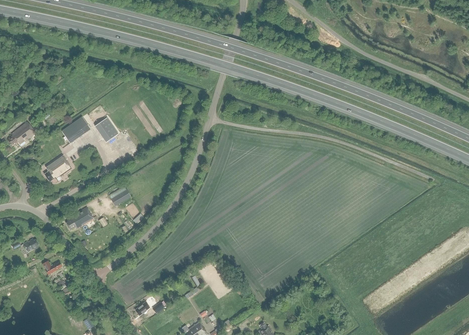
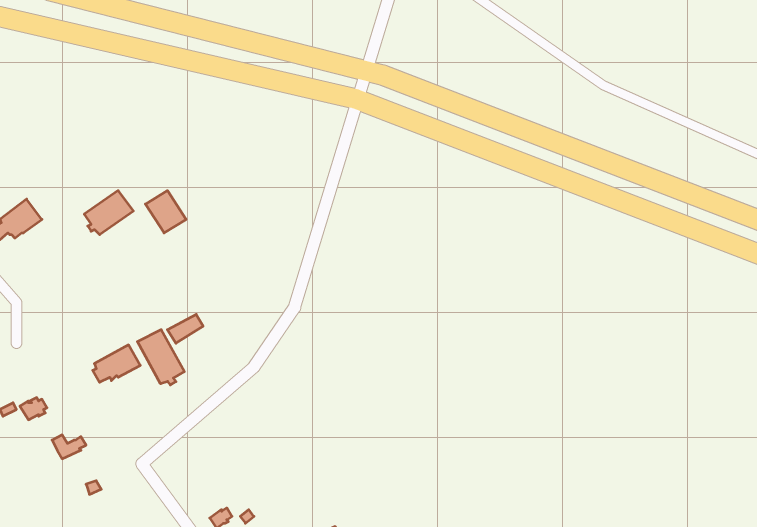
building: [44,154,71,181] -> none
building: none -> [137,330,184,385]

